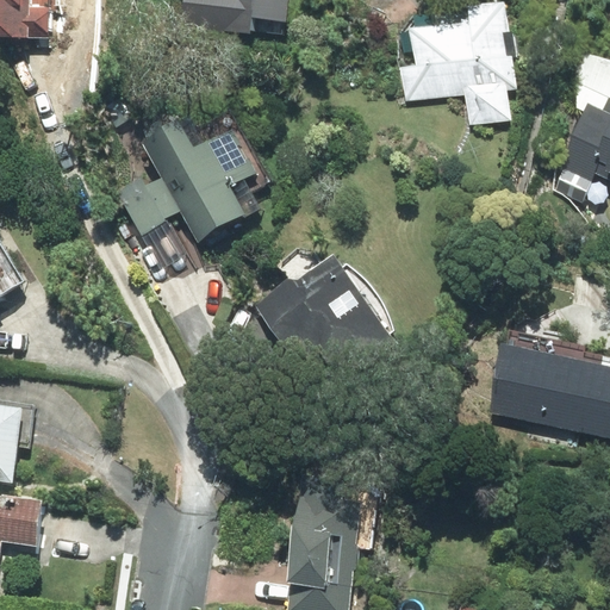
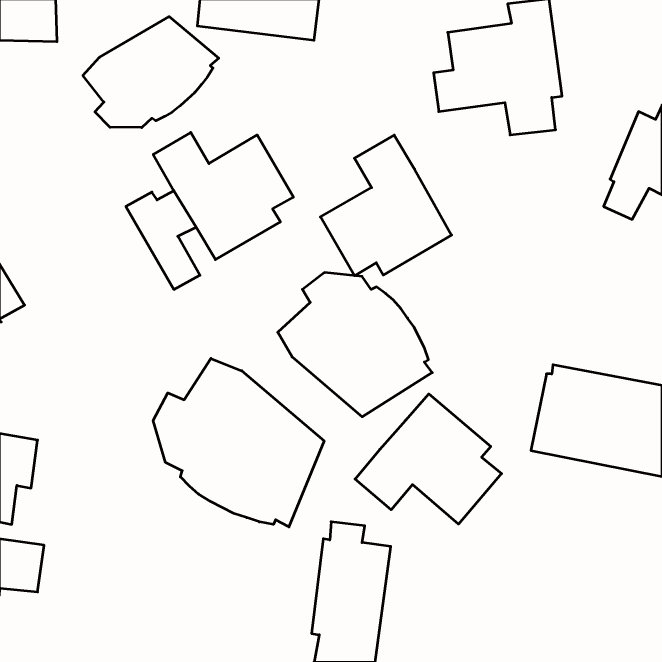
building: none -> [83,17,219,128]
building: none -> [320,135,452,276]
building: none -> [153,358,324,527]
building: none -> [355,394,502,524]

